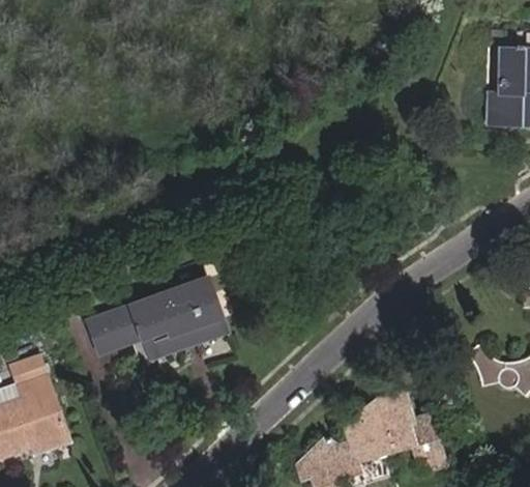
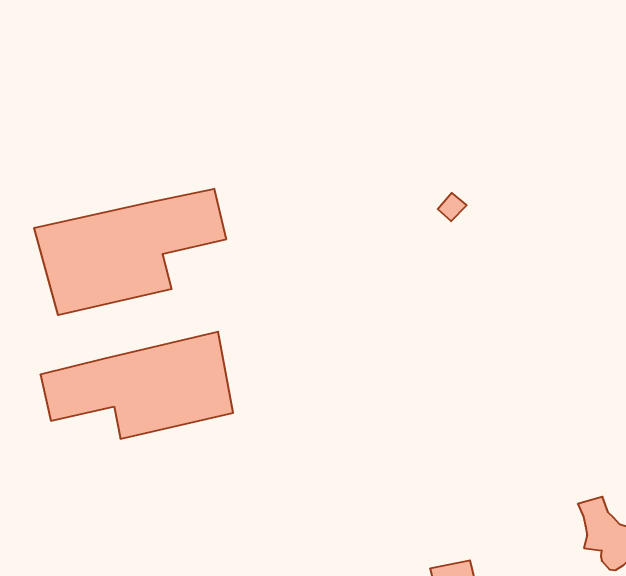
building: none -> [34,189,226,315]

